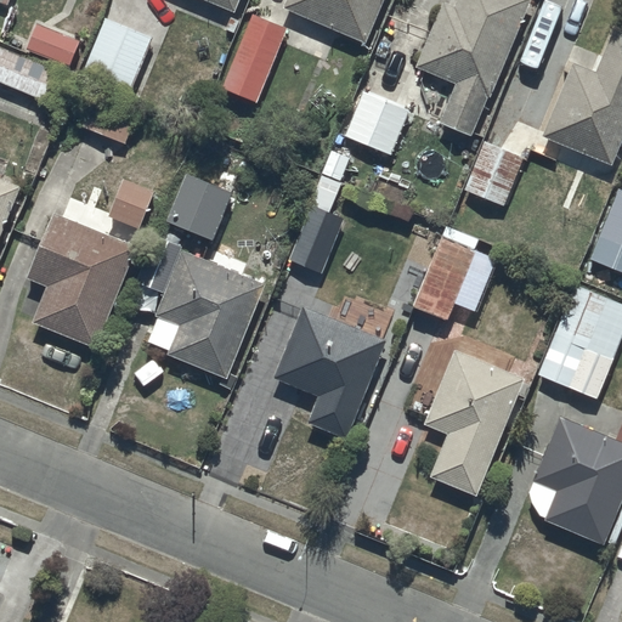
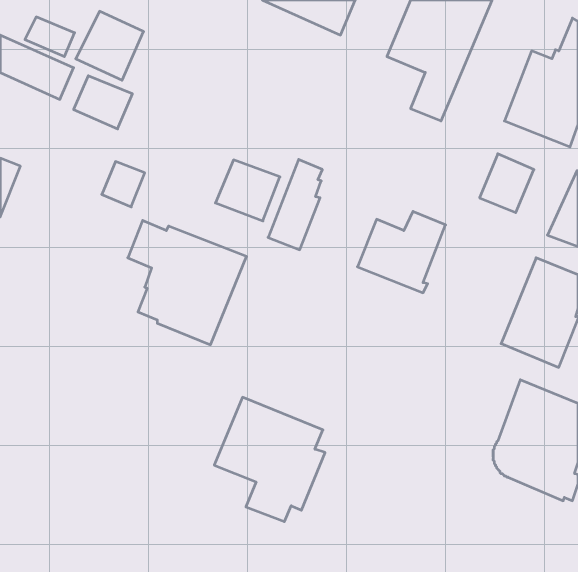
building: [221,13,285,103] -> none
building: [345,91,411,156] -> none
building: [465,142,524,205] -> [480,154,534,213]
building: [164,173,233,238] -> [215,160,280,221]
building: [27,213,138,350] -> none
building: [272,305,391,439] -> [214,397,325,522]
building: [424,349,524,494] -> none

